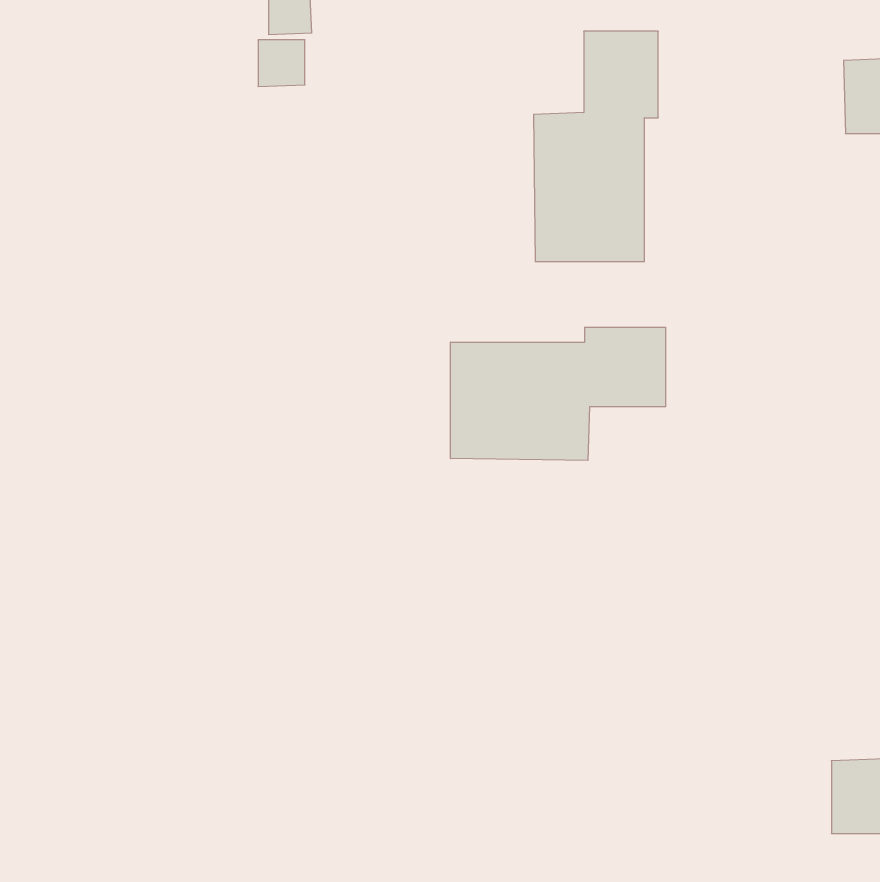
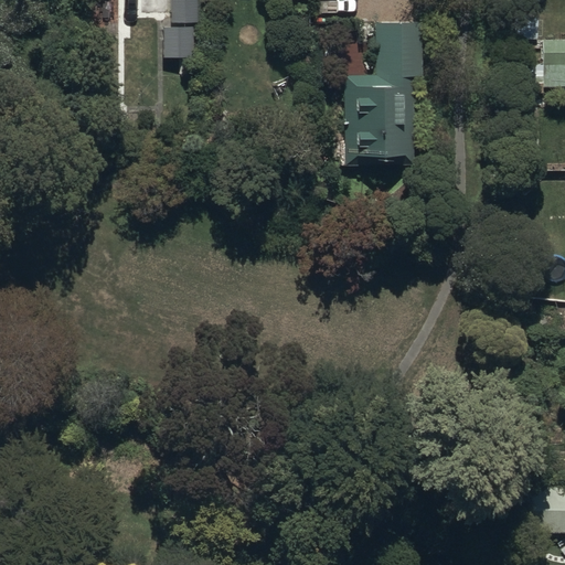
building: [451,327,666,460] -> none

